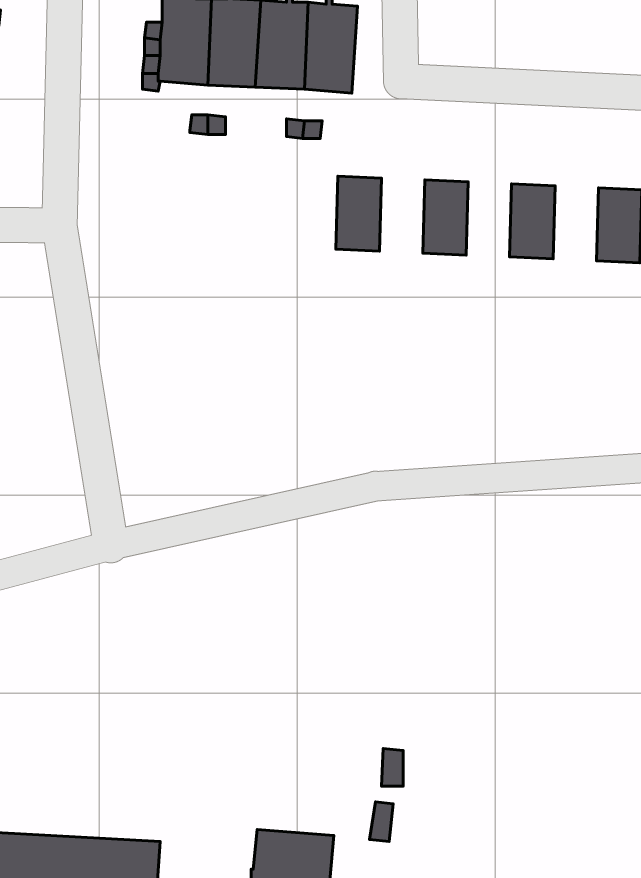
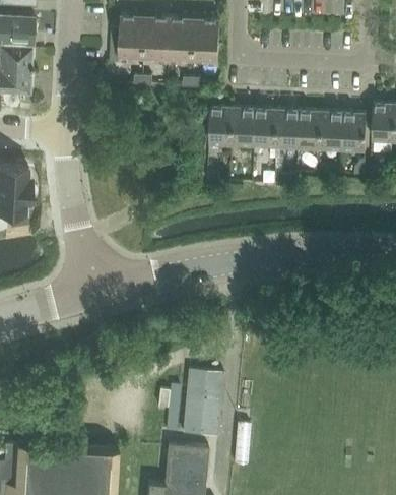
building: none -> [232,108,255,146]
building: none -> [276,110,300,148]
building: none -> [321,112,344,150]
building: none -> [180,370,221,436]

